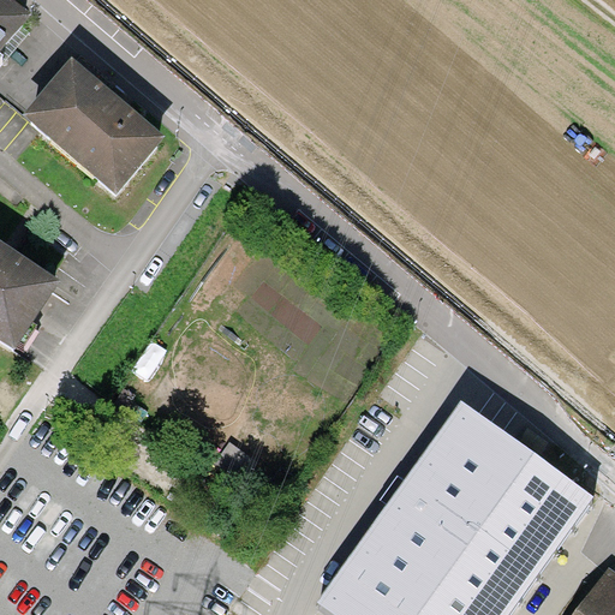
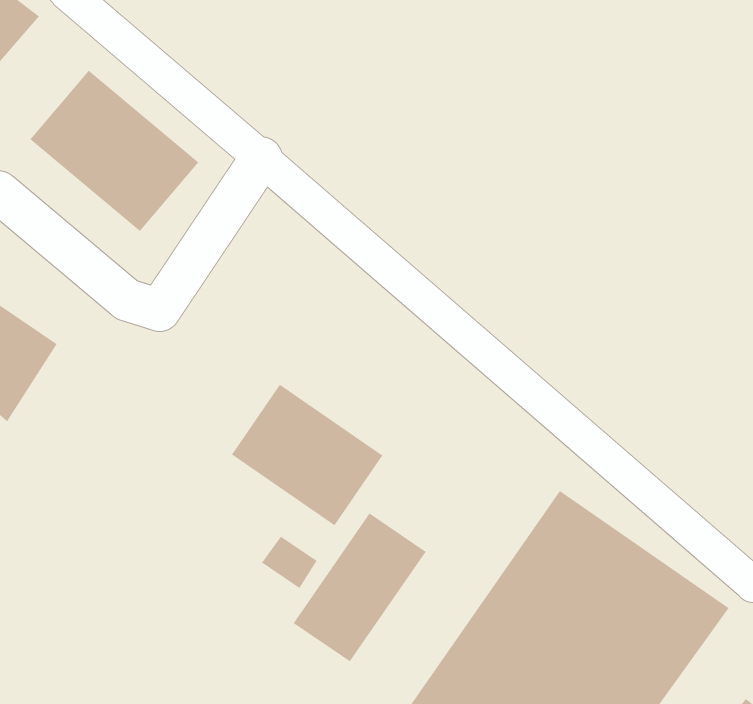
building: none -> [231,384,383,526]
building: none -> [293,513,427,662]

